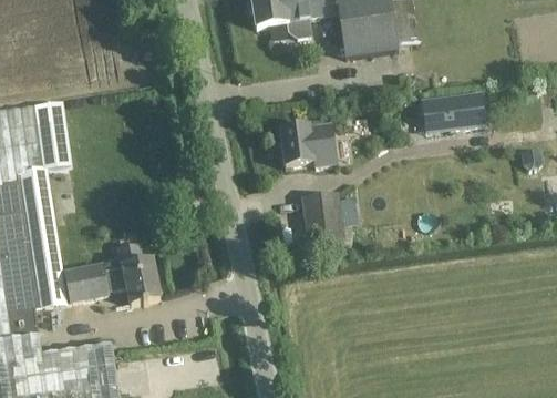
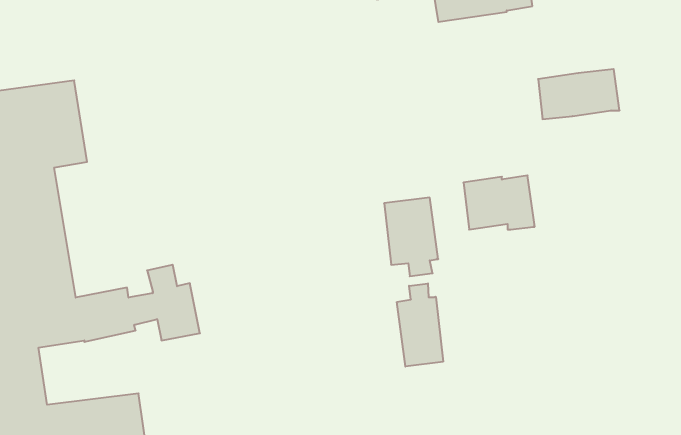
building: [279,123,334,165] -> [463,175,535,230]
building: none -> [397,283,443,367]

